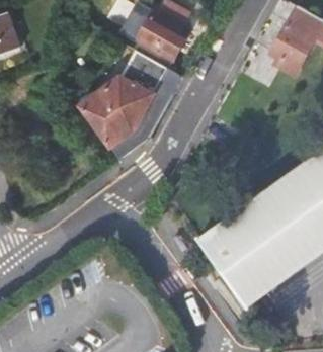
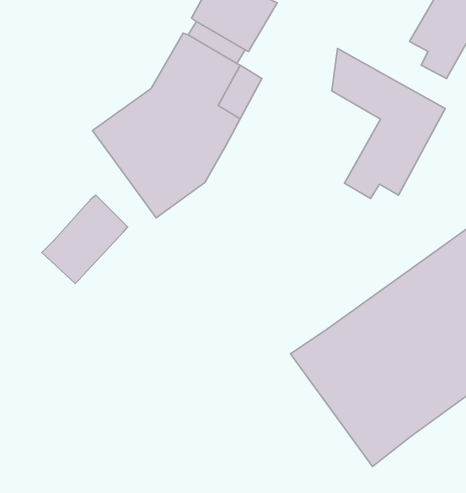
building: none -> [332,49,445,198]
building: none -> [42,195,128,284]

